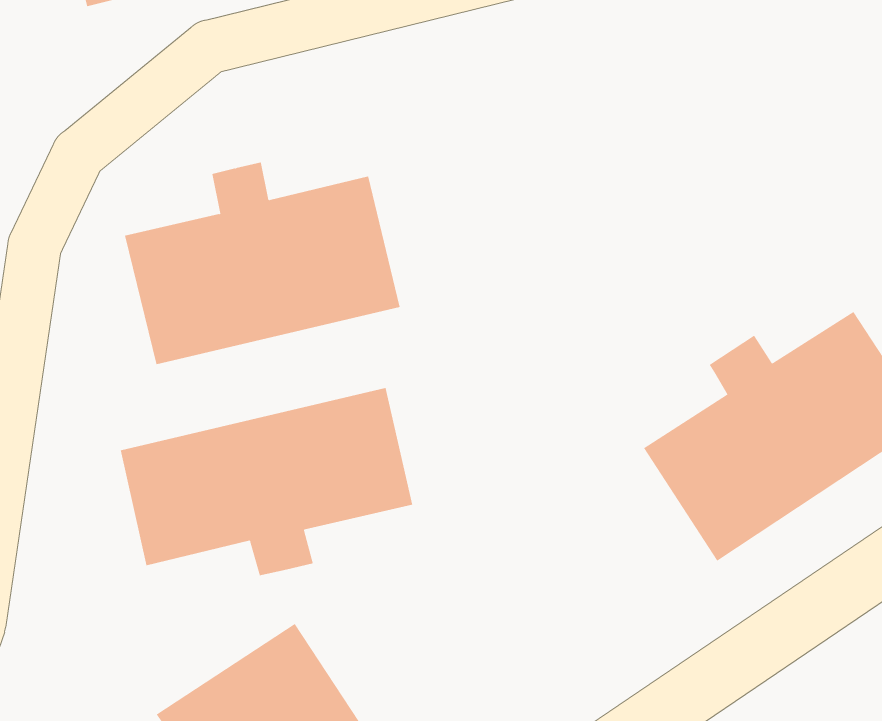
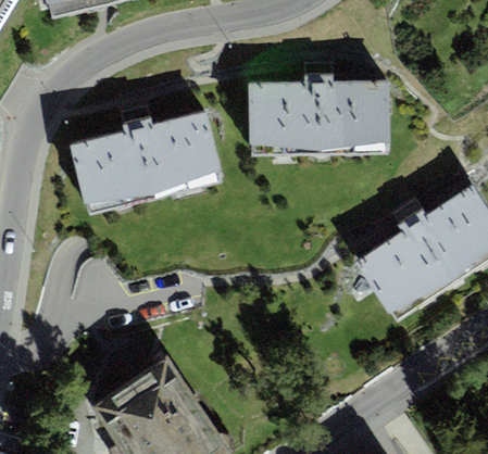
building: none -> [250,61,389,154]
building: [120,387,413,576] -> none

